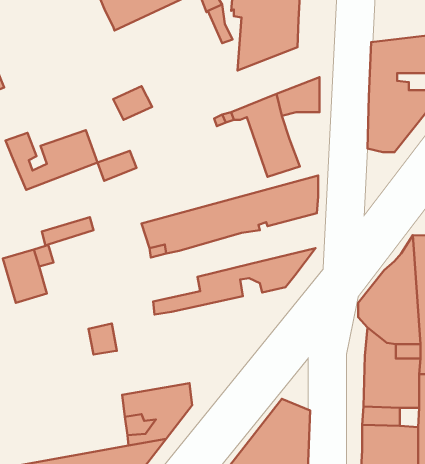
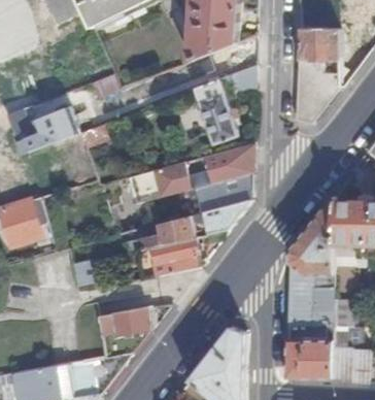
building: none -> [193,173,252,213]
building: none -> [137,239,198,278]

